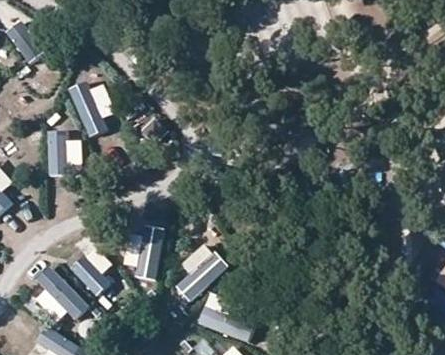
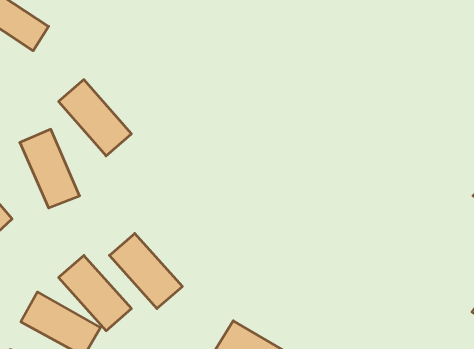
building: [172,245,222,304] -> none

